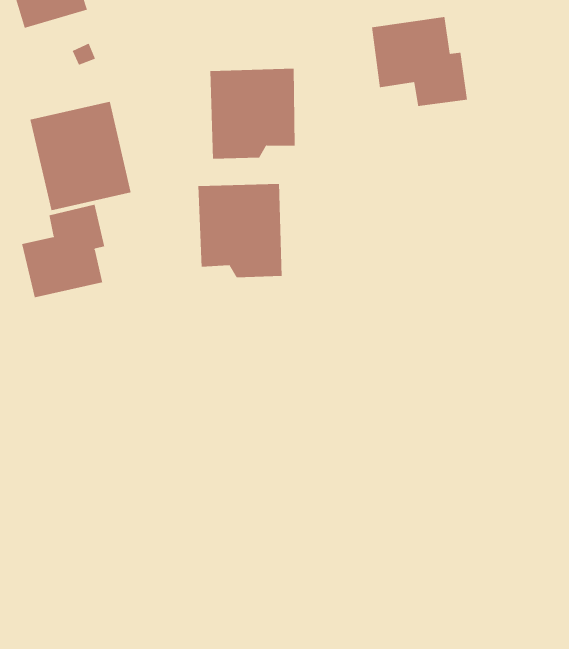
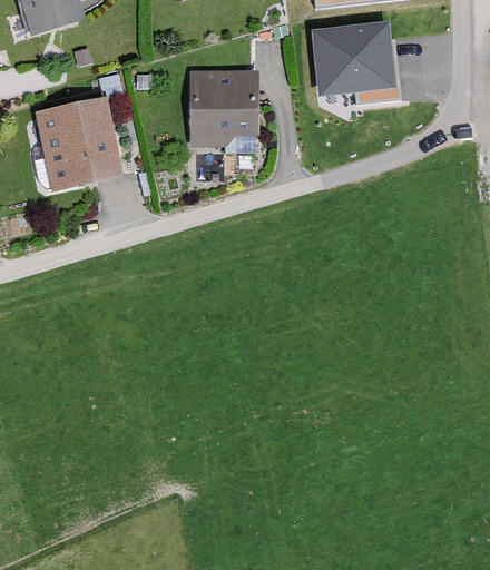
building: [198,183,282,278] -> none
building: [21,204,105,298] -> none

